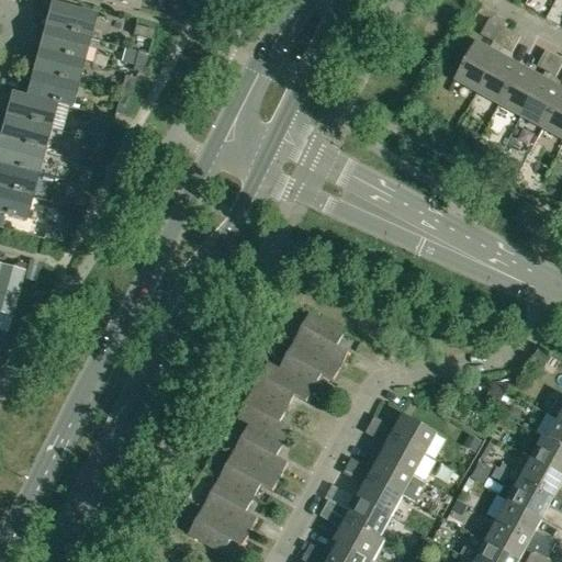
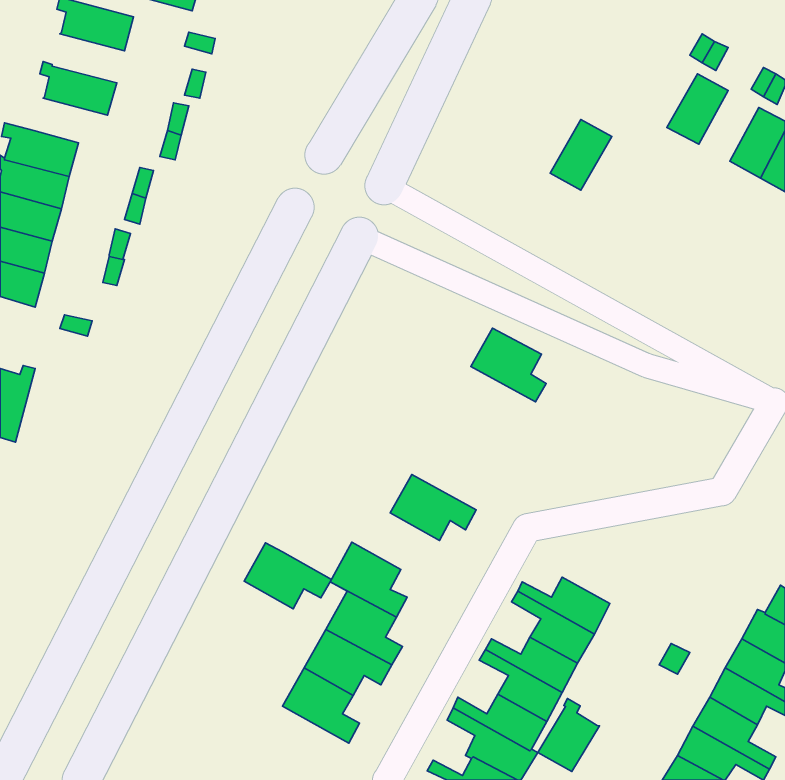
building: [34,21,89,59] -> none
building: [454,41,498,91] -> [550,120,612,190]
building: [499,65,542,115] -> none
building: [22,67,77,106] -> none
building: [294,312,348,364] -> [471,328,546,402]
building: [251,360,314,407] -> [244,543,332,609]
building: none -> [538,698,600,772]
building: [187,505,249,553] -> none

